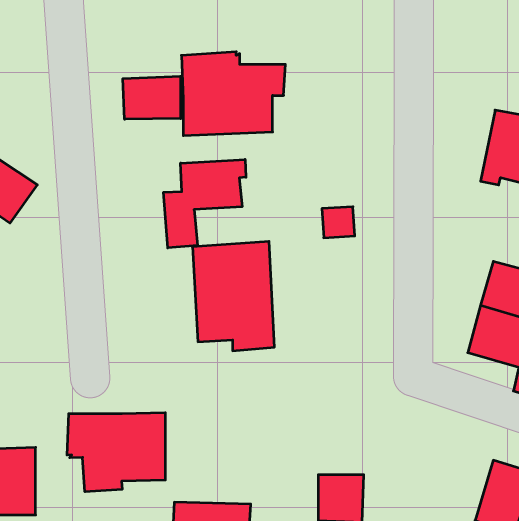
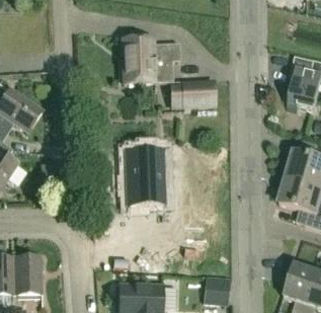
building: [123,76,181,119] -> none
building: none -> [180,80,214,105]
building: [164,159,246,248] -> none
building: [67,413,165,492] -> none

